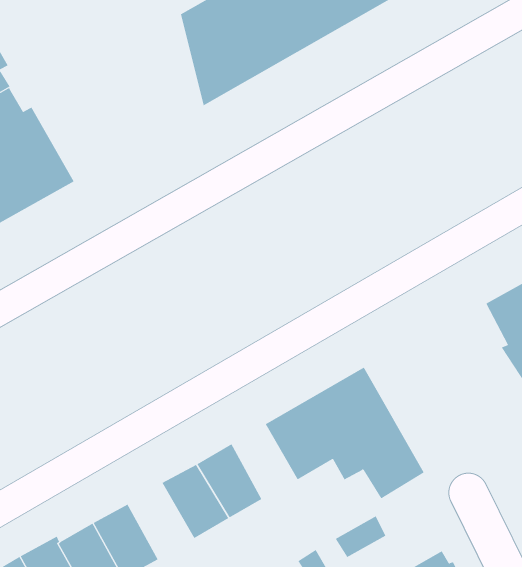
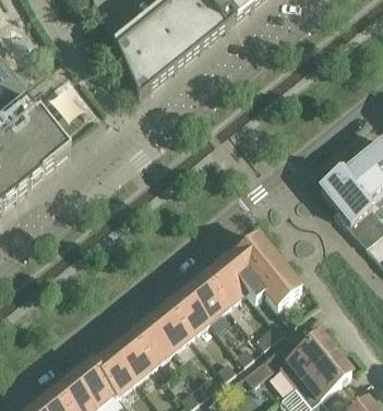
building: none -> [185,276,227,319]
building: none -> [131,319,172,364]

